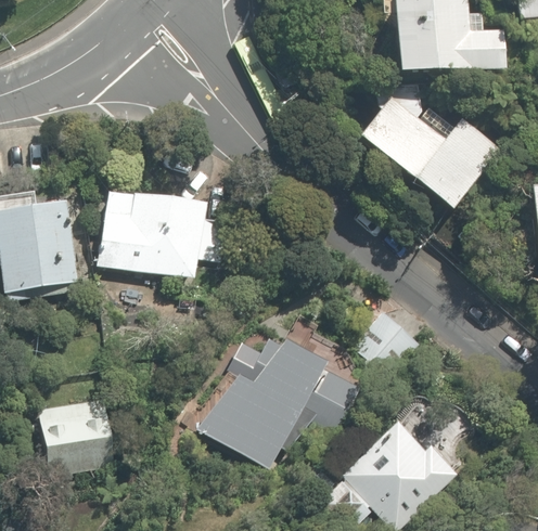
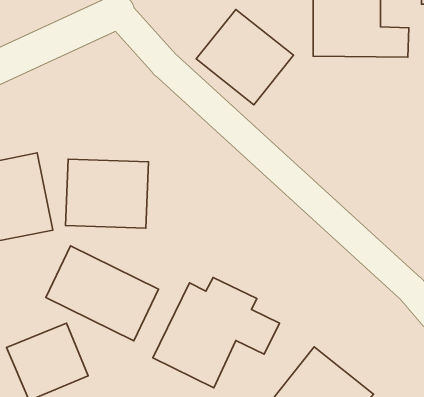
building: none -> [196,9,294,105]
building: [357,85,503,210] -> none
building: none -> [46,246,159,341]

